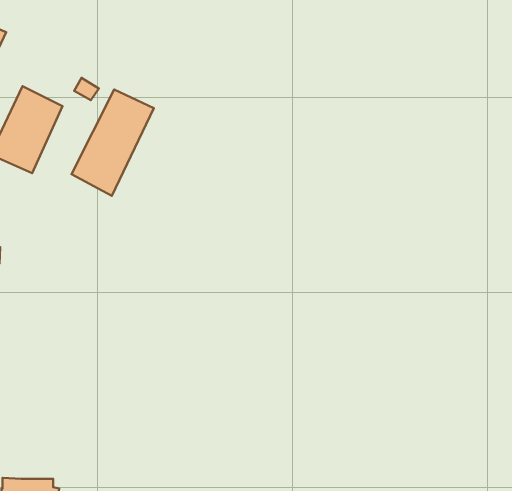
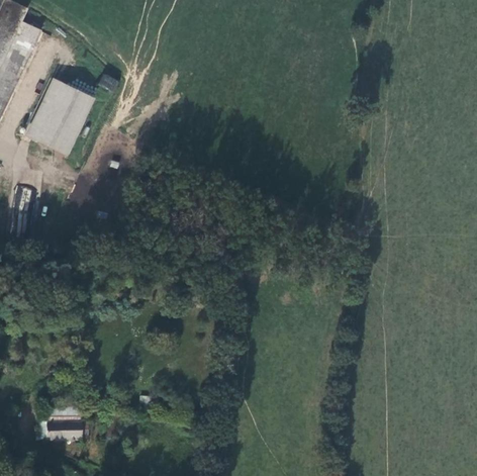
building: [71,90,154,196] -> none

